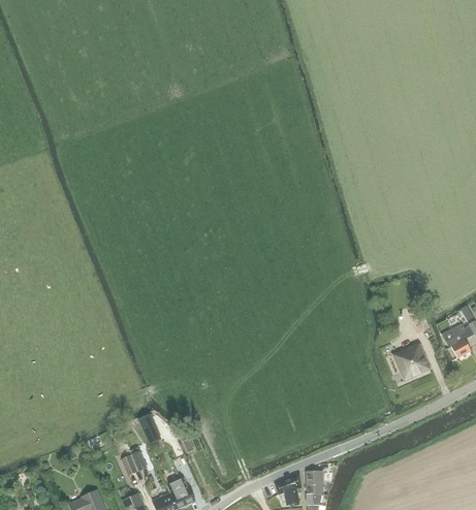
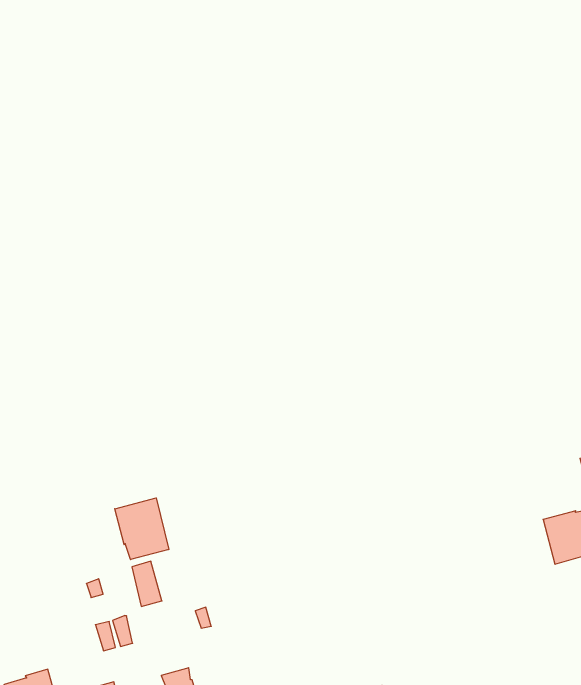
building: none -> [115,498,169,560]

